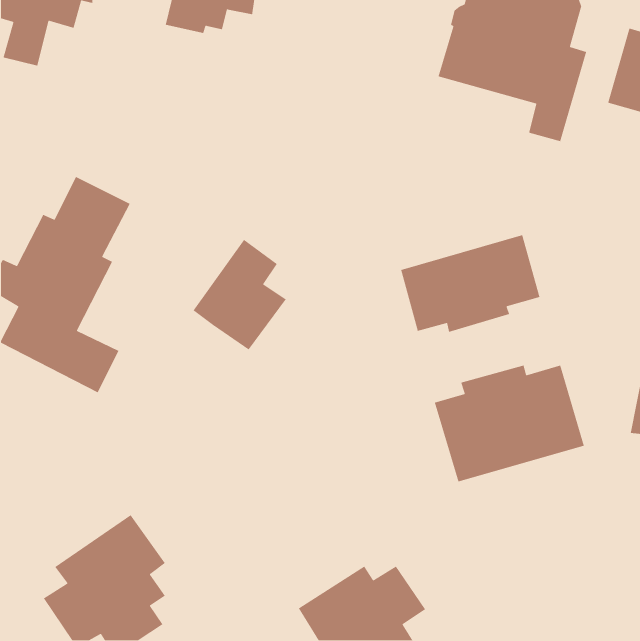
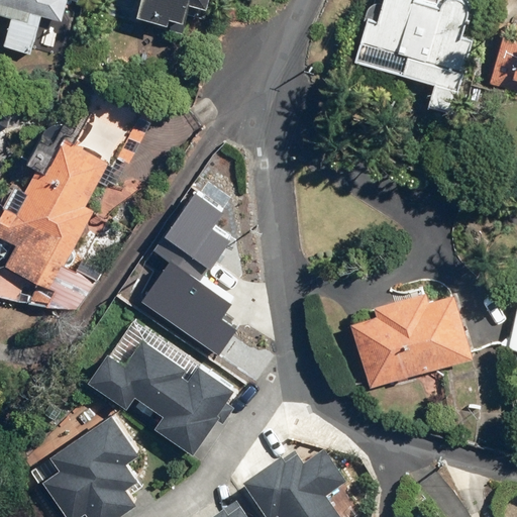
building: [400,234,541,333] -> none
building: none -> [144,262,238,355]
building: none -> [83,337,231,451]

